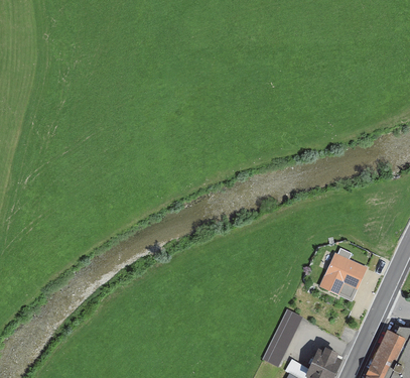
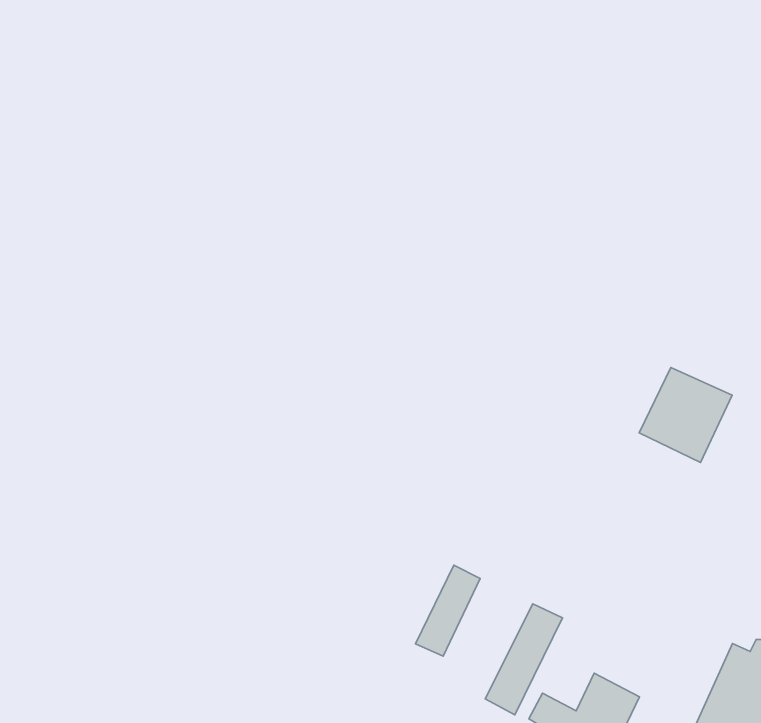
building: [318,254,366,302] -> [639,367,732,462]
building: none -> [416,565,480,656]

